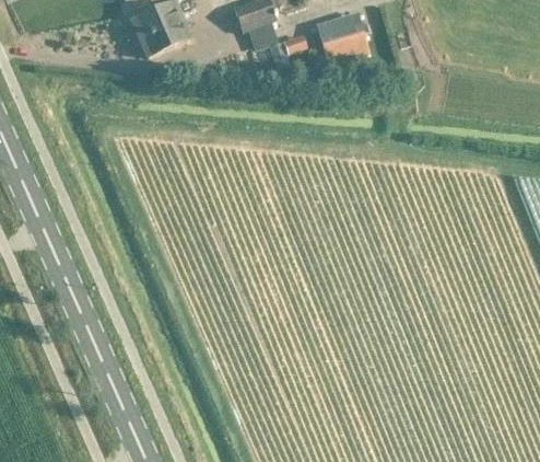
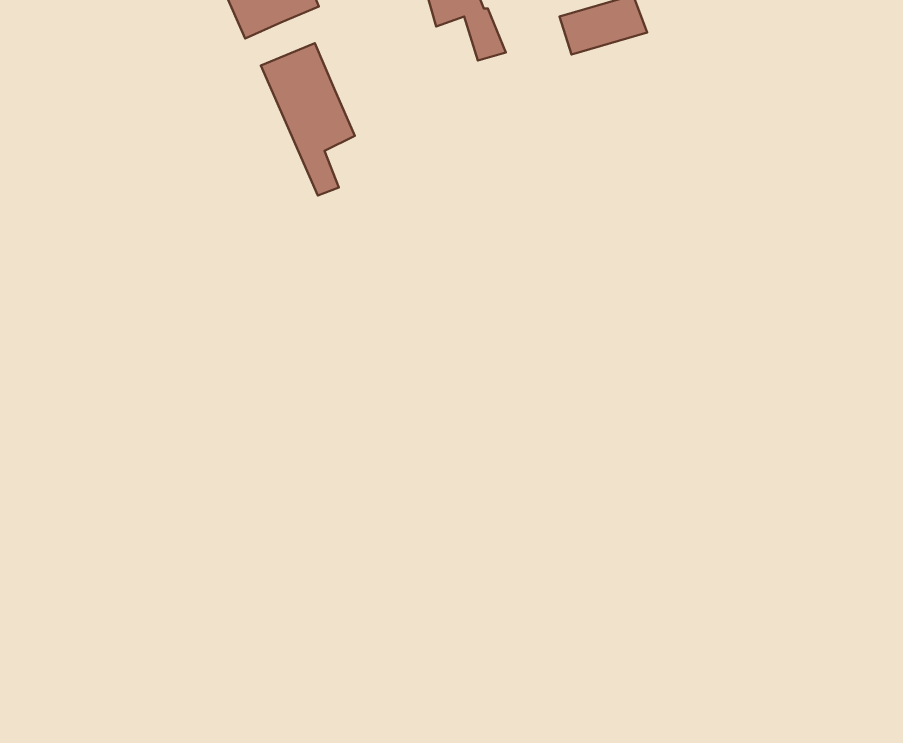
building: none -> [261,43,355,196]

